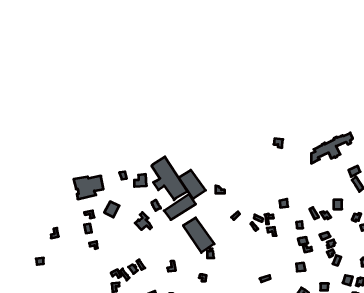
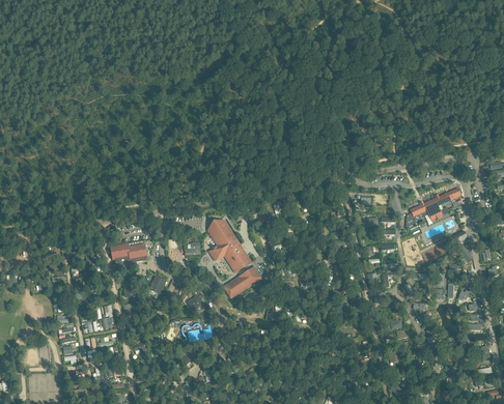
building: [179,170,206,199] -> none
building: [183,218,214,253] -> none

